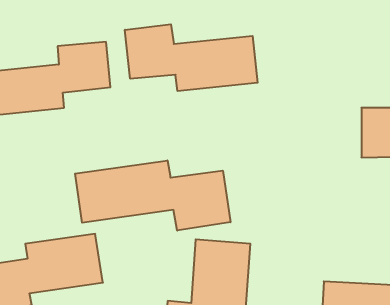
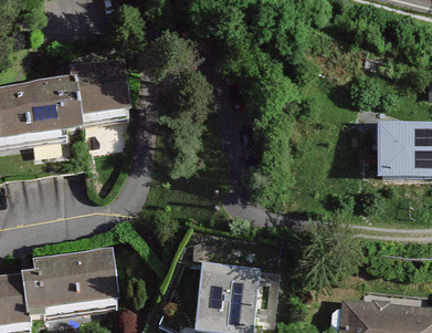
building: [125,24,258,91] -> none
building: [75,160,230,231] -> none

